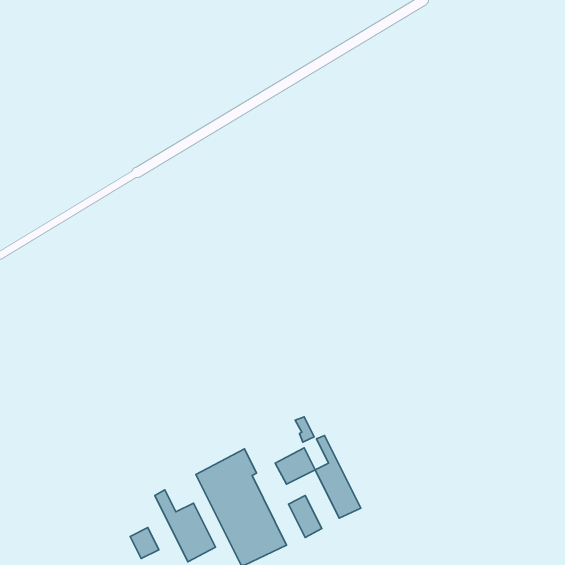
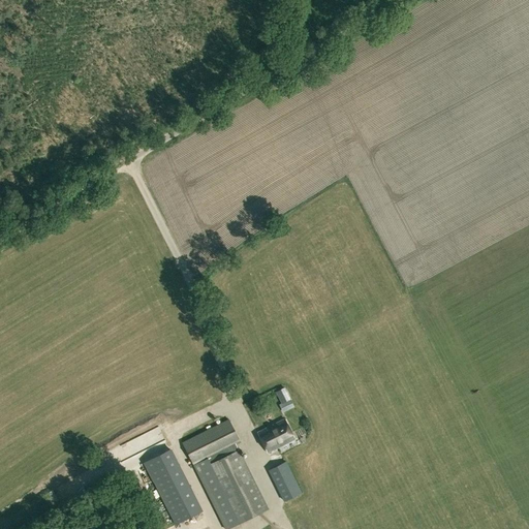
building: [315,436,361,518] -> none
building: [130,528,159,559] -> [154,449,181,478]

